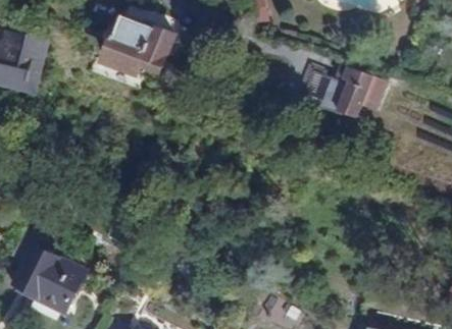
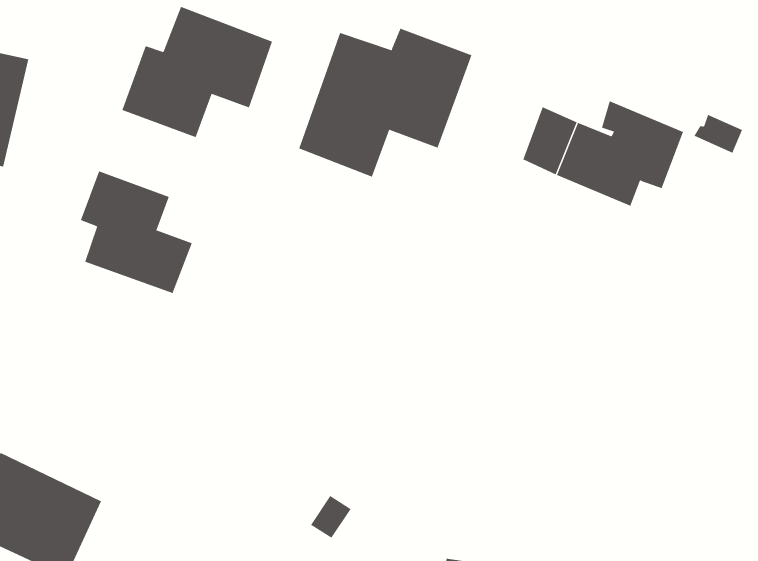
building: none -> [298,28,472,177]
building: none -> [80,171,192,294]

